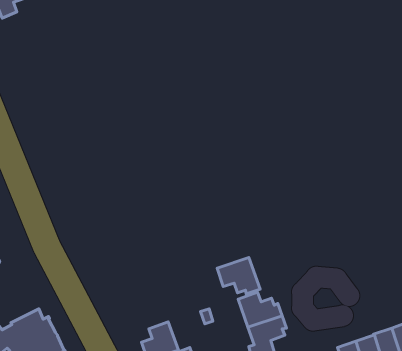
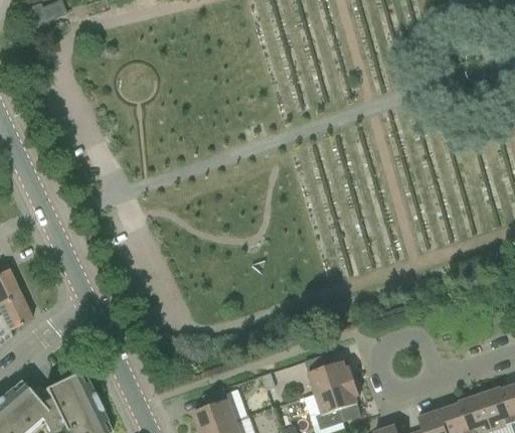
building: [217,257,260,294] -> none

